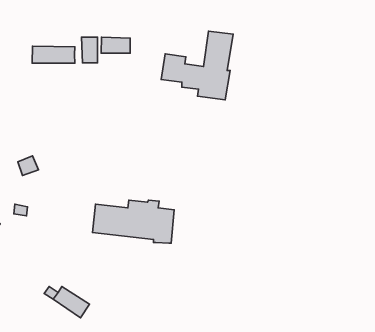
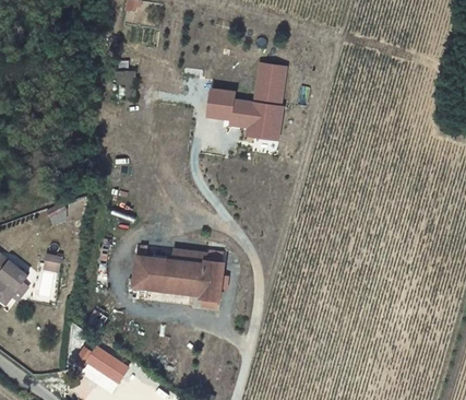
building: [101,37,130,53] -> none
building: [32,46,75,63] -> none

